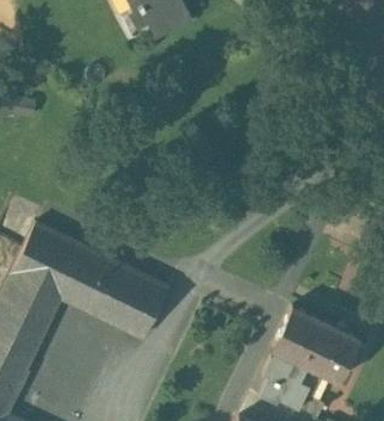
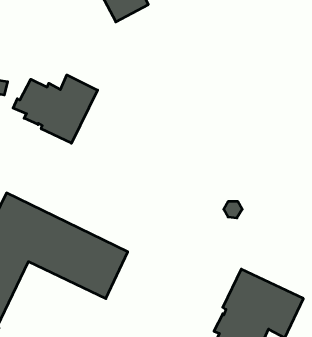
building: none -> [13,75,98,143]

